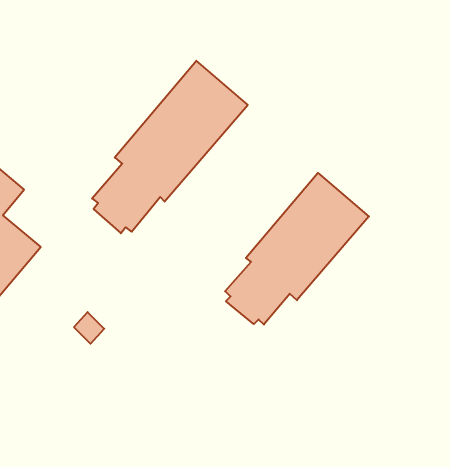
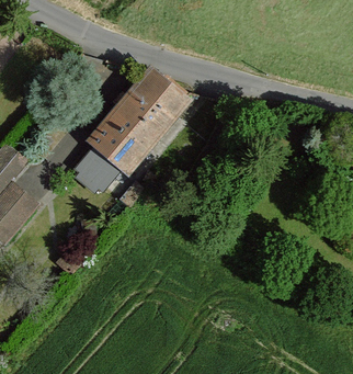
building: [225,173,369,325] -> none

